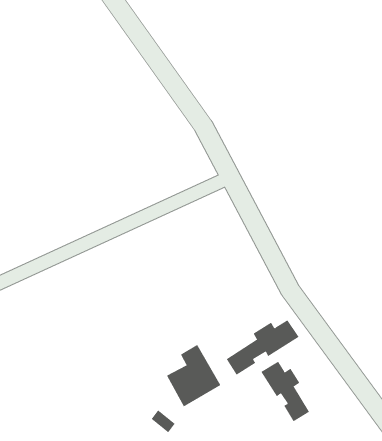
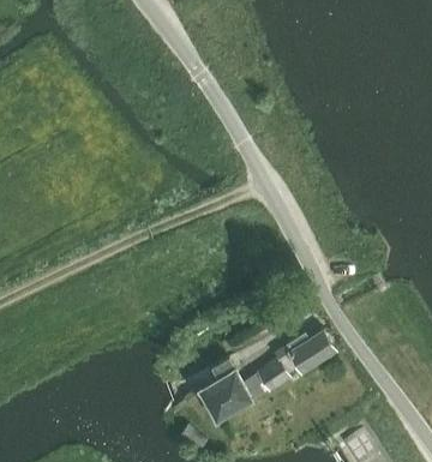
building: [261,361,310,422] -> none

